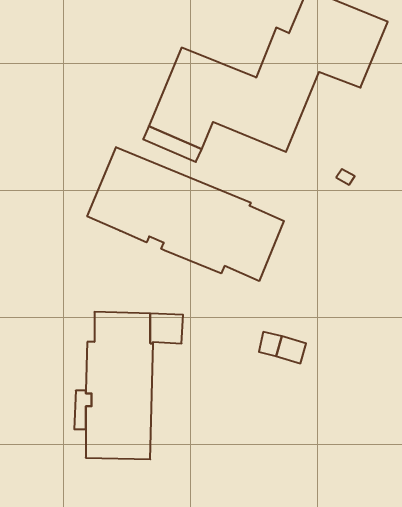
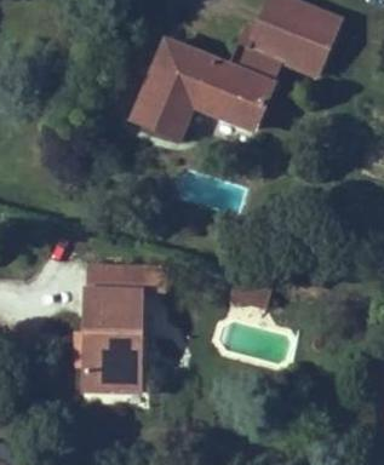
building: [87,147,284,281] -> none

